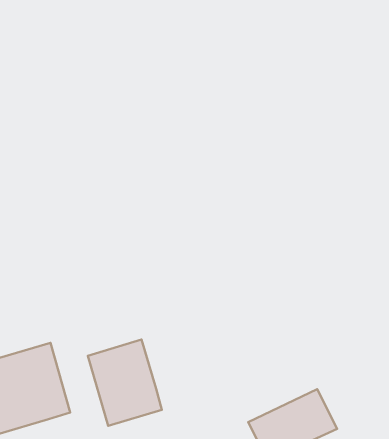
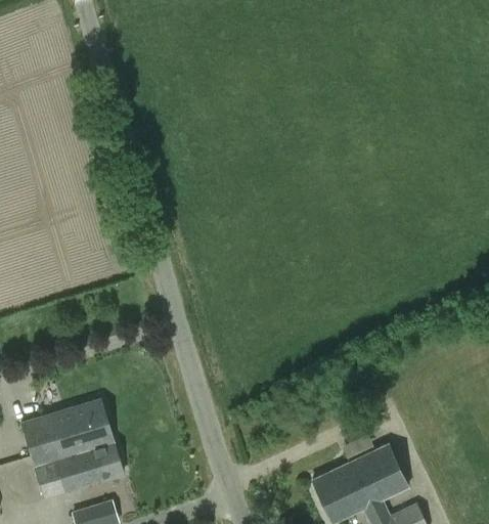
building: [88,340,162,426] -> none

